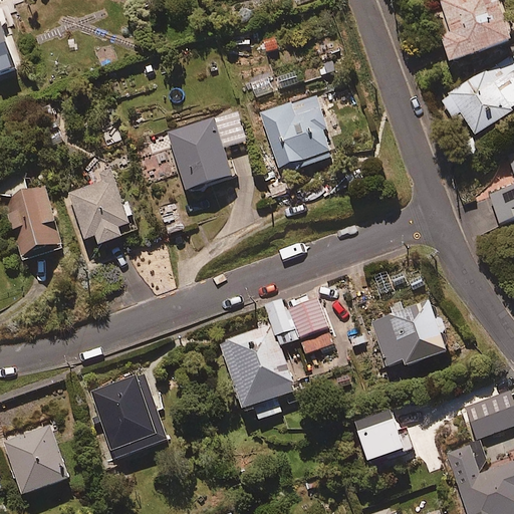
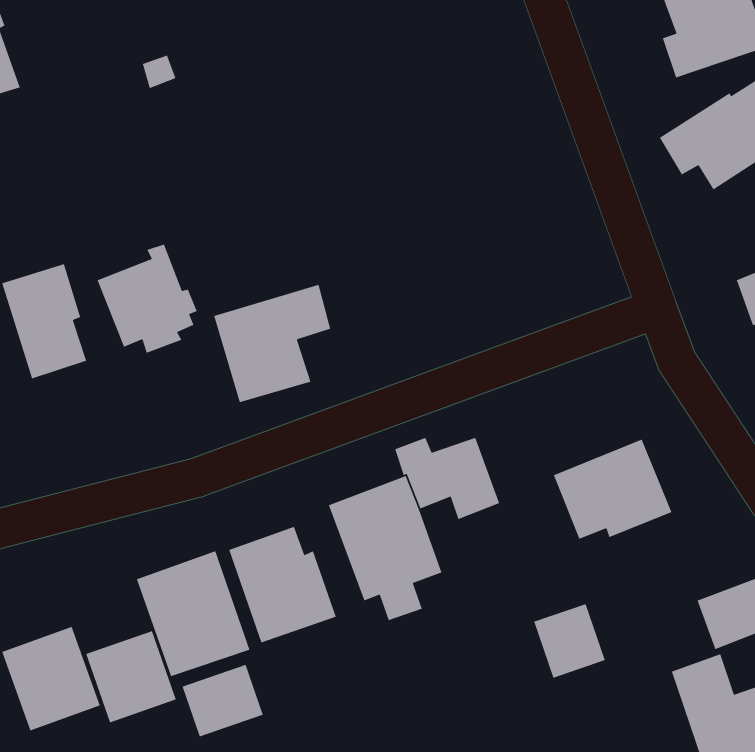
building: [260,95,335,166] -> none
building: [168,114,246,194] -> [213,284,331,403]
building: none -> [228,526,337,643]
building: none -> [85,630,177,723]
building: none -> [181,664,264,738]

